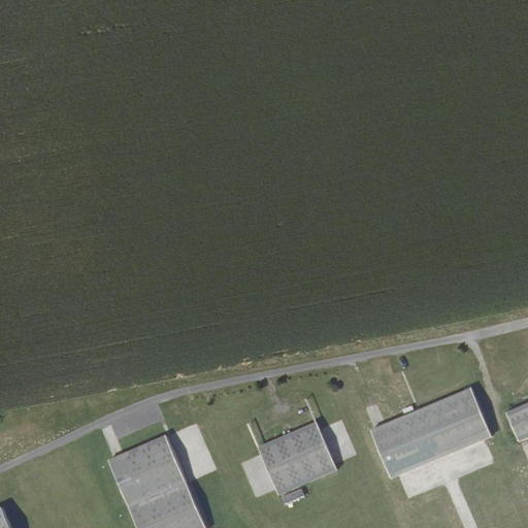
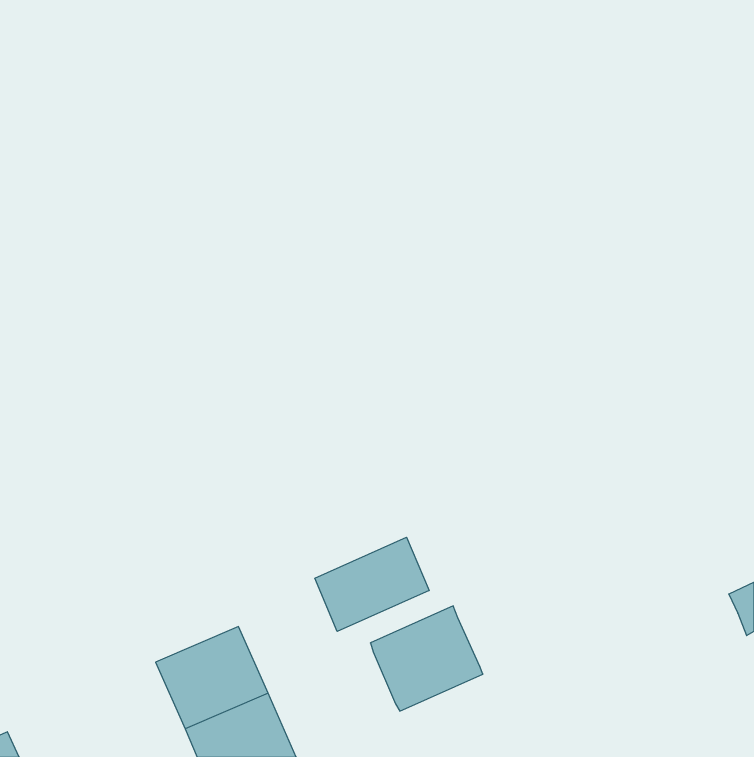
building: none -> [315,537,429,631]
building: [369,389,489,477] -> none

